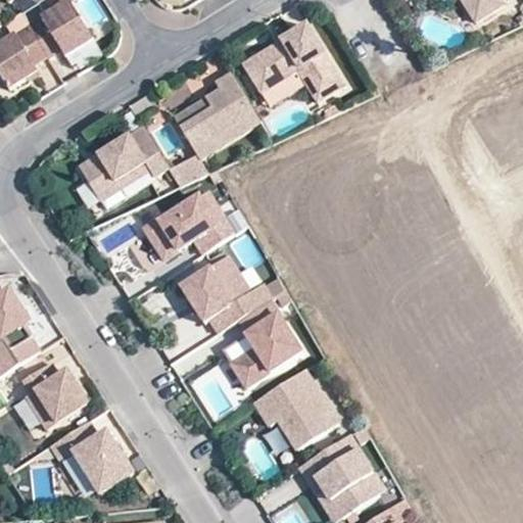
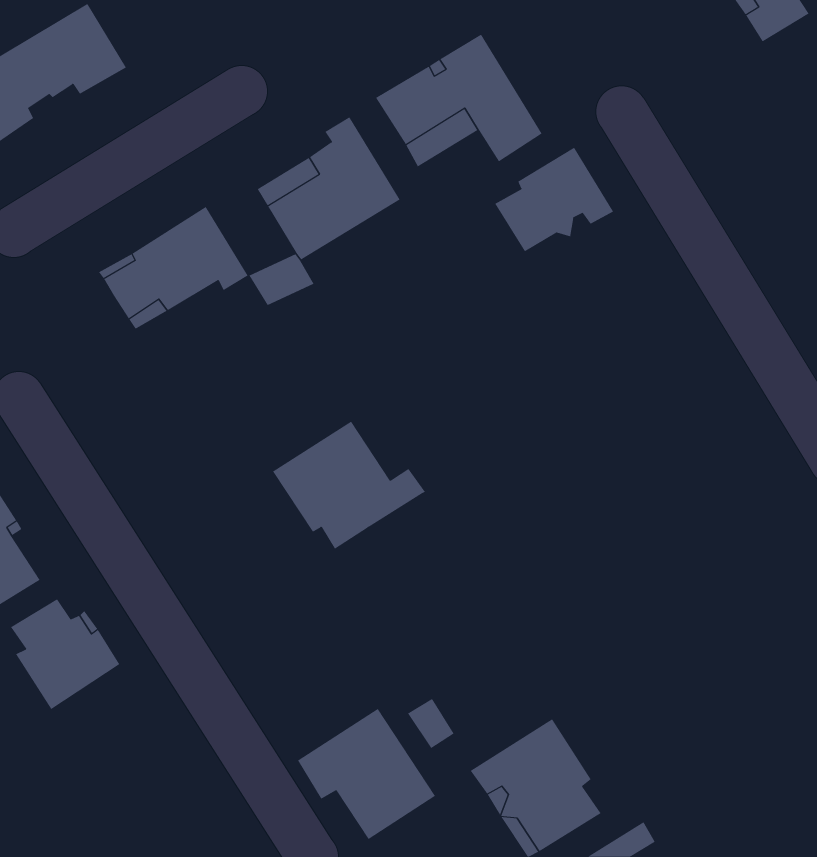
building: none -> [495,147,614,252]
building: [145,191,235,258] -> none
building: [224,298,302,386] -> none
building: [255,369,339,448] -> [297,708,436,840]
building: [52,421,134,492] -> none

